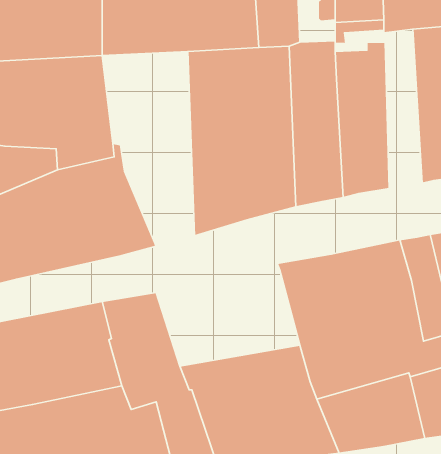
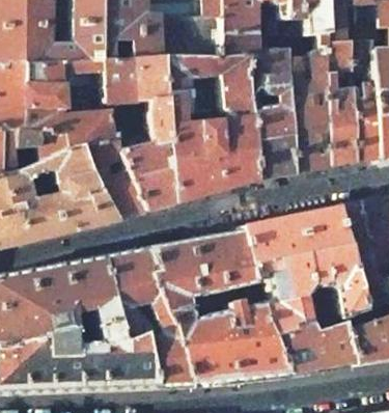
building: none -> [324,40,354,166]
building: none -> [102,58,174,212]
building: none -> [144,230,257,306]

